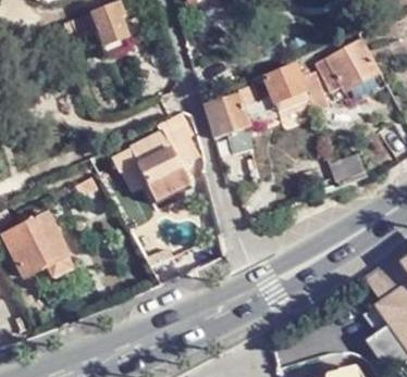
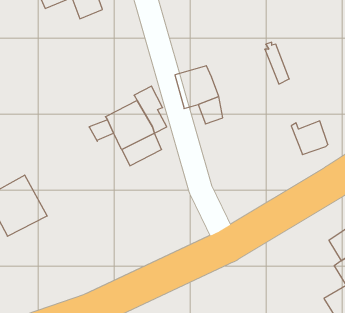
building: [311,36,379,93] -> none
building: [263,64,303,103] -> none

